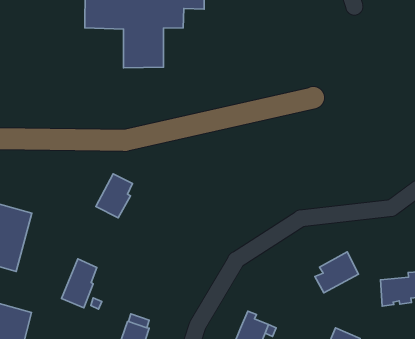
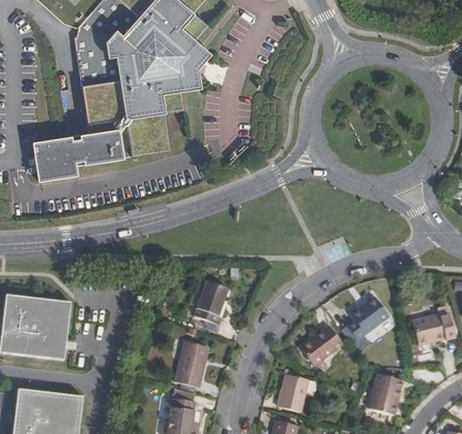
building: none -> [29,129,119,181]
building: [96,174,132,218] -> [193,282,225,324]
building: [61,259,97,308] -> [173,341,203,388]
building: none -> [299,324,341,365]

